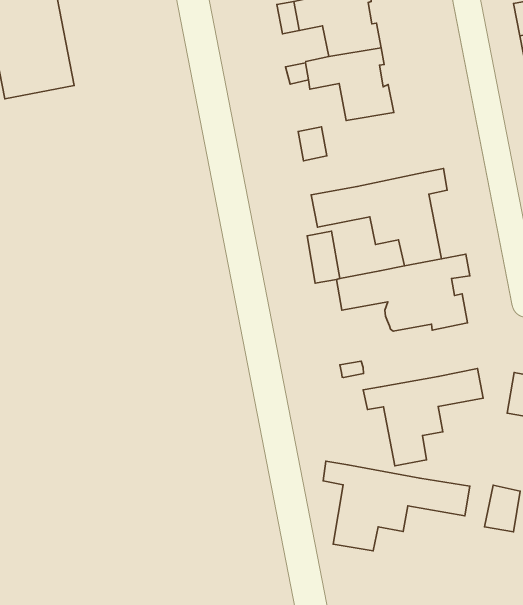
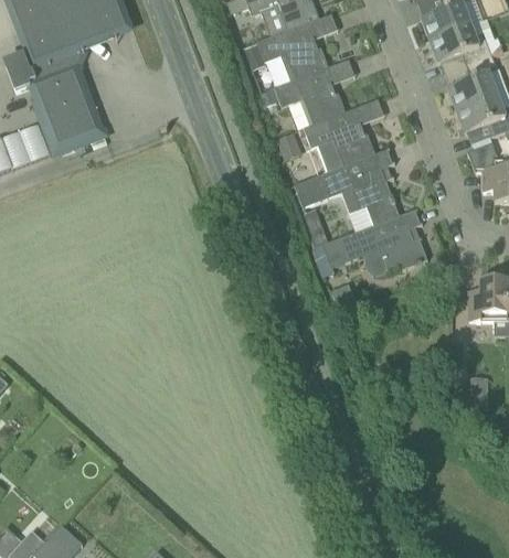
building: none -> [303,107,374,172]
building: [363,369,483,466] -> none
building: [323,461,470,551] -> none

